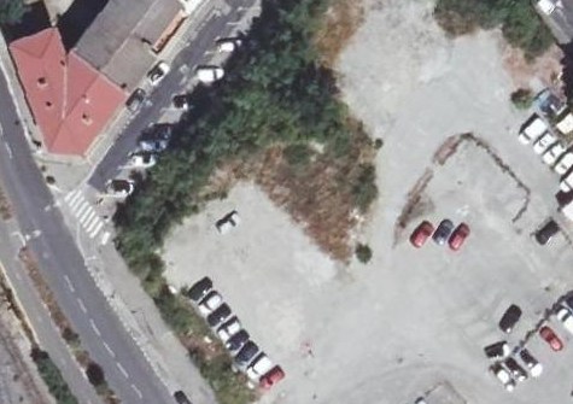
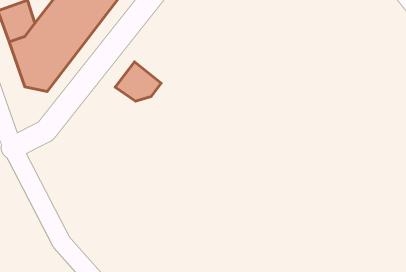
building: none -> [115,62,161,101]

